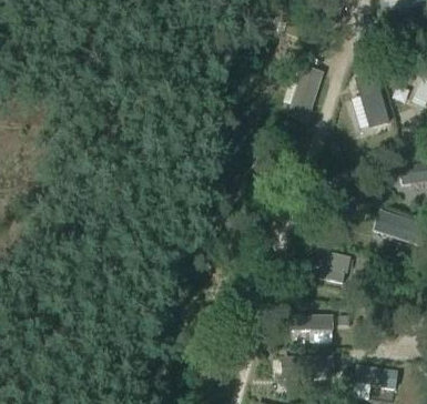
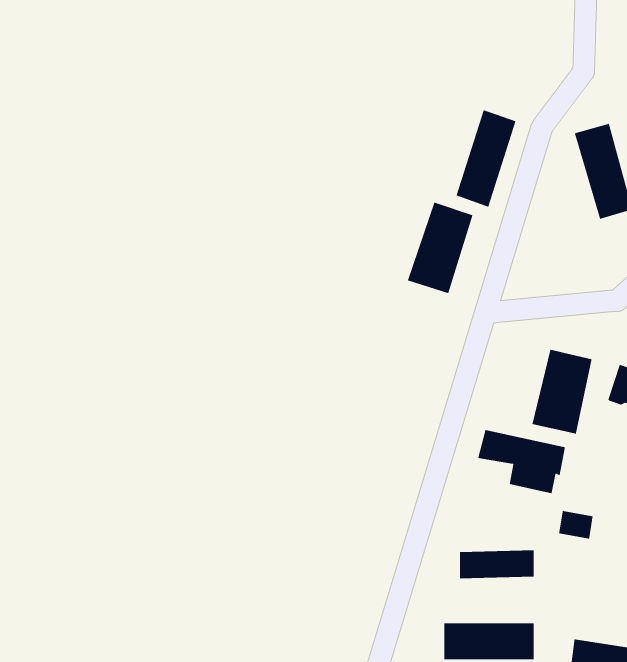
building: none -> [407,202,473,294]
building: none -> [531,349,593,434]

